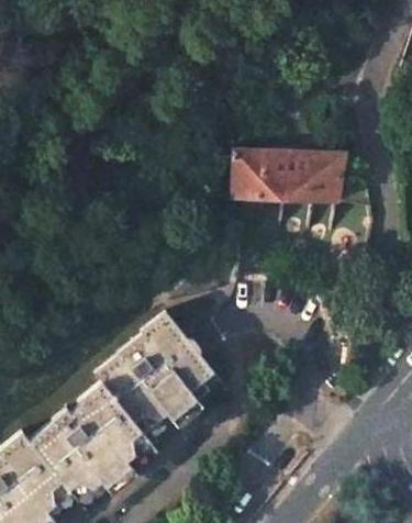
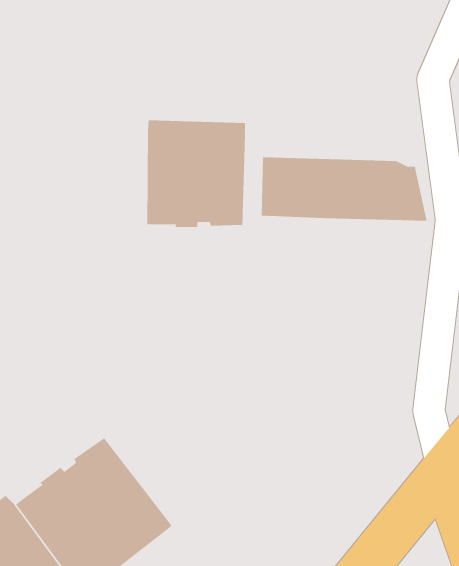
building: none -> [147,120,246,228]
building: [96,309,224,444] -> none

